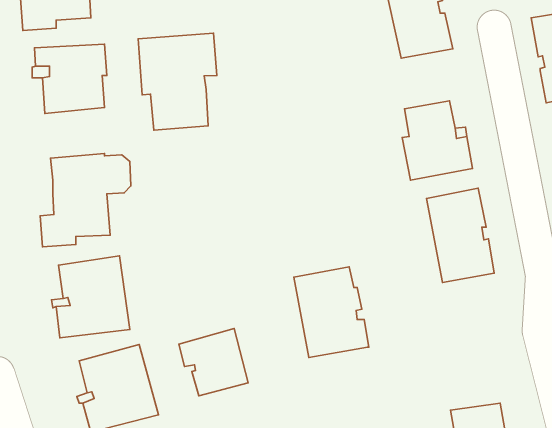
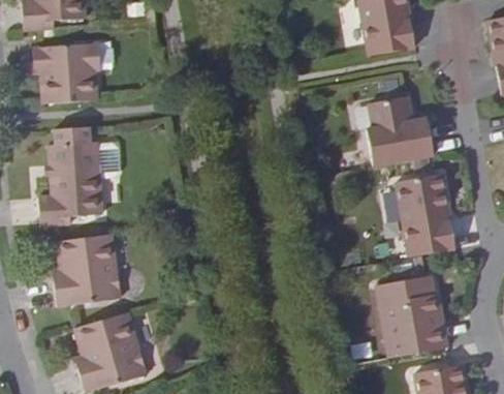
building: [138,33,217,130] -> none
building: [294,267,369,358] -> [377,274,444,356]
building: [179,329,248,396] -> none

